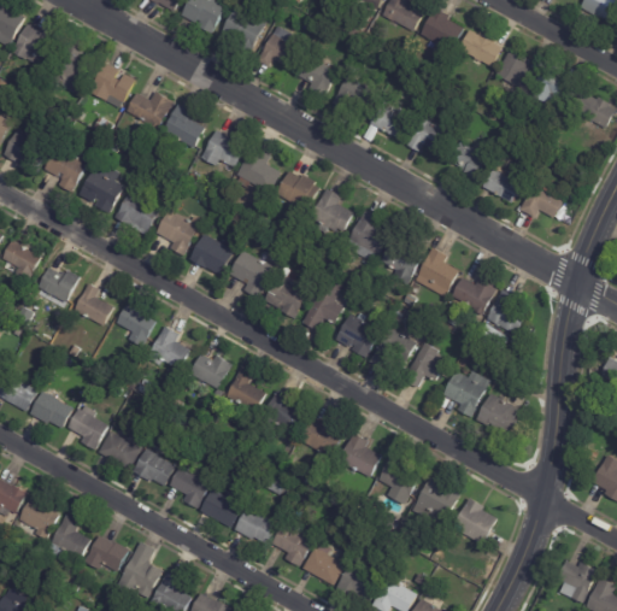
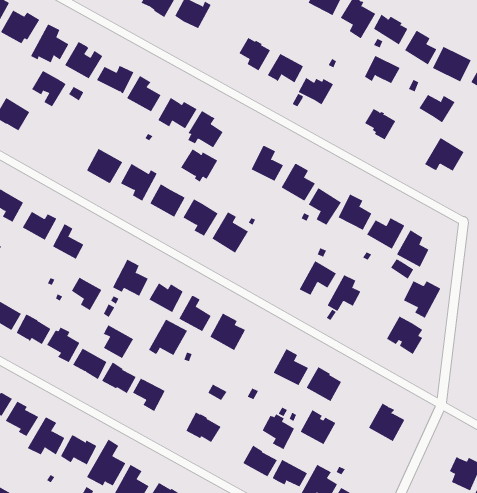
building: [257,27,301,69] -> none
building: [407,118,451,153] -> [364,55,400,84]
building: [43,146,86,190] -> [31,70,66,107]
building: [78,165,123,211] -> none
building: [276,169,322,210] -> [180,148,218,182]
building: [482,169,527,204] -> [419,94,456,123]
building: [302,277,342,329] -> none
building: [116,304,153,345] -> [71,277,102,311]
building: [337,313,381,356] -> none
building: [443,371,489,417] -> [403,280,441,318]
building: none -> [148,319,188,356]
building: none -> [103,324,134,359]
building: [300,416,346,457] -> none
building: [416,476,459,518] -> [300,410,336,445]
building: [200,488,242,527] -> none
building: [272,522,312,565] -> [262,414,295,450]

